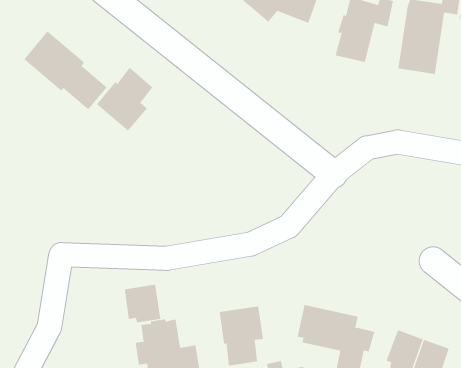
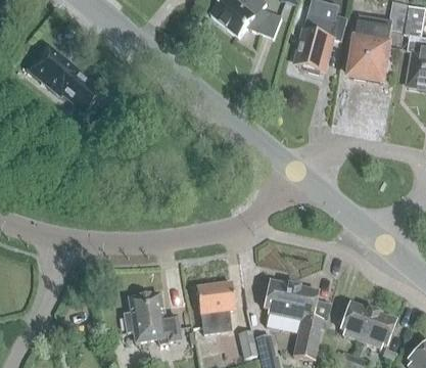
building: [96,67,153,132] -> none
building: [124,284,161,323] -> none

